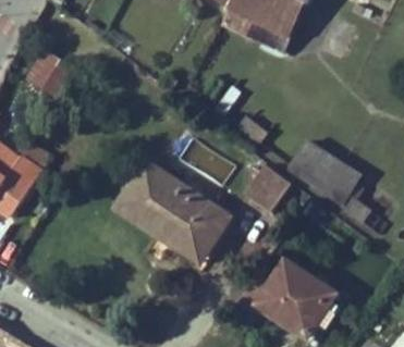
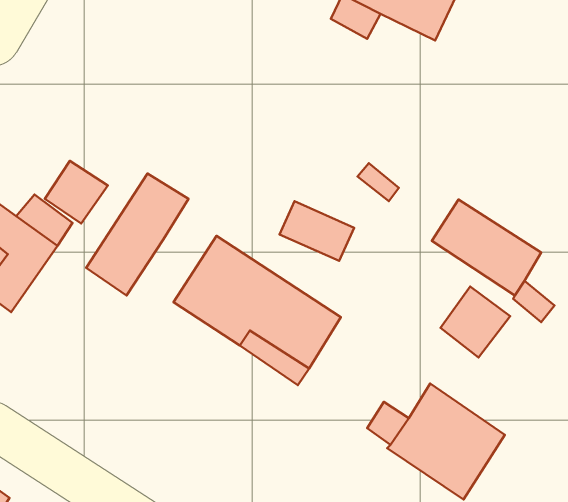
building: [32,51,73,92] -> [45,161,108,224]
building: none -> [86,174,188,296]
building: [245,165,291,212] -> [441,286,510,358]

